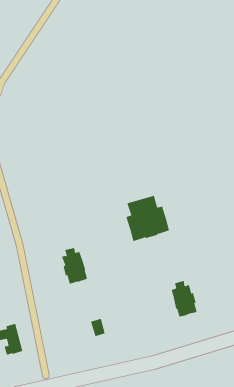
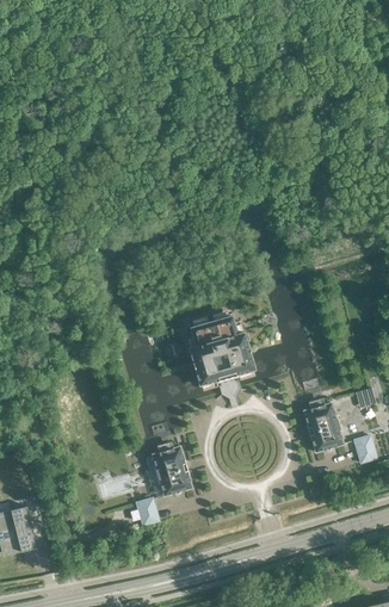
building: [61,248,88,285] -> [152,441,191,496]
building: [171,280,197,317] -> [303,397,342,452]

